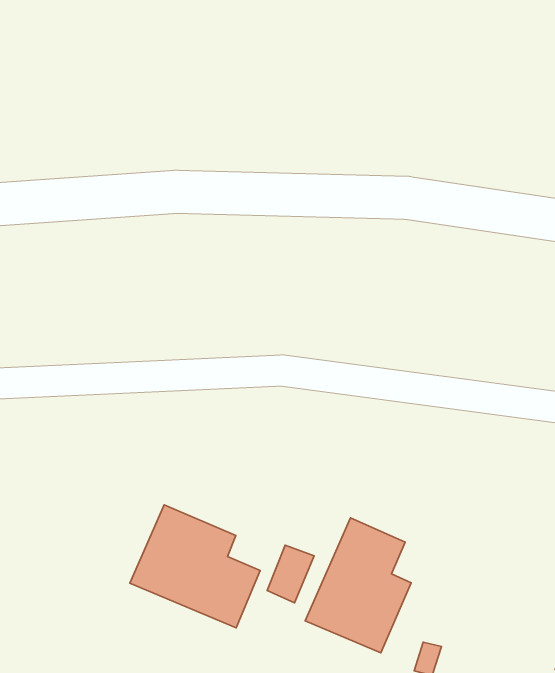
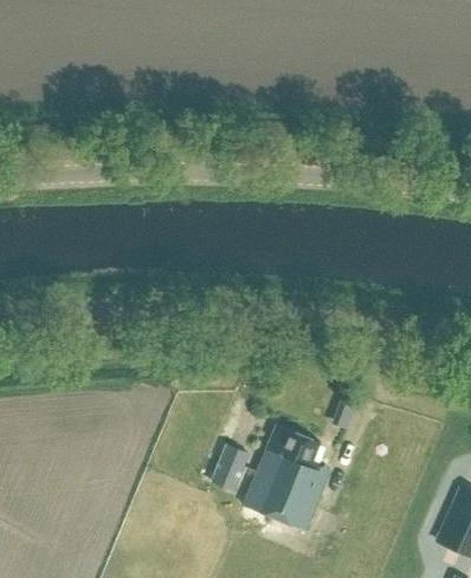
building: [130,505,260,628] -> none

